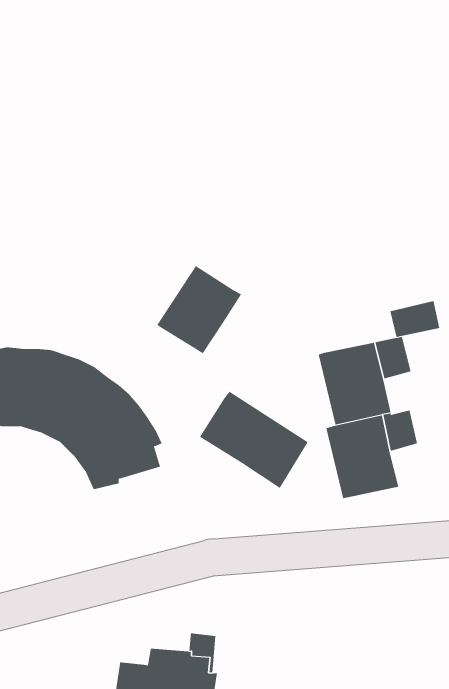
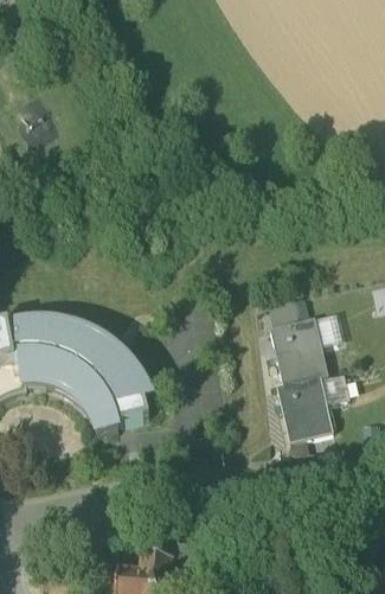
building: [156,265,242,354] -> none
building: [390,301,440,337] -> [269,295,308,324]
building: [199,391,309,489] -> none

